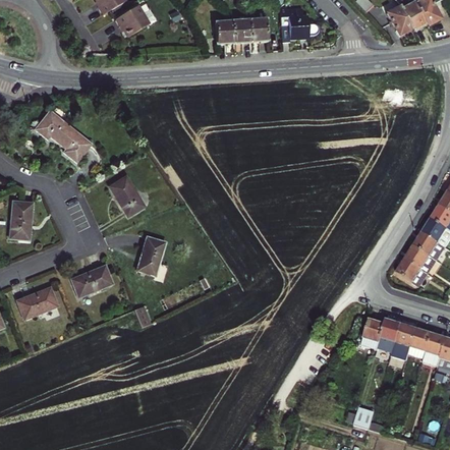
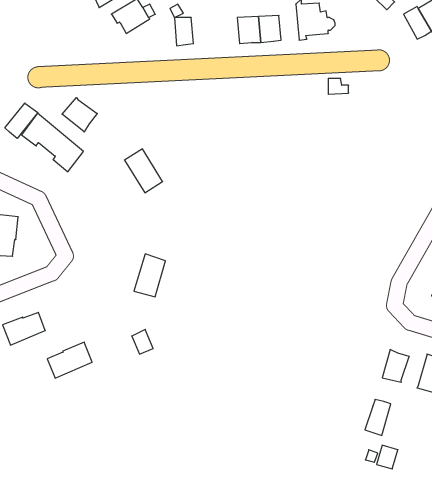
building: [214,20,231,46] -> [174,18,193,46]
building: none -> [62,98,97,132]
building: none -> [5,103,38,138]
building: [108,174,143,214] -> [124,149,163,193]
building: [70,263,111,295] -> [47,342,92,378]
building: [378,321,401,353] -> [365,399,391,435]

